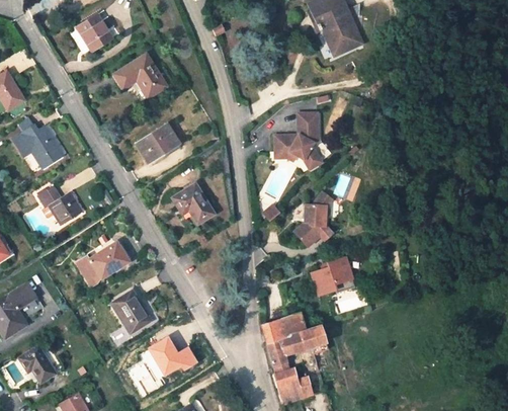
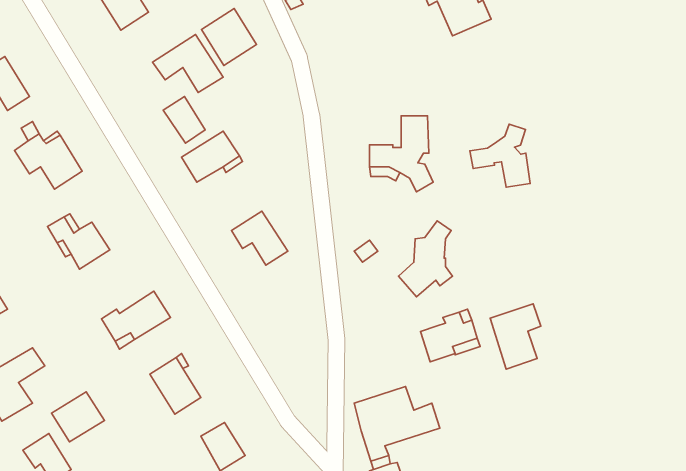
building: none -> [201,9,256,65]
building: none -> [163,96,205,143]
building: none -> [470,124,530,187]
building: none -> [490,304,541,369]
building: none -> [51,392,104,442]

